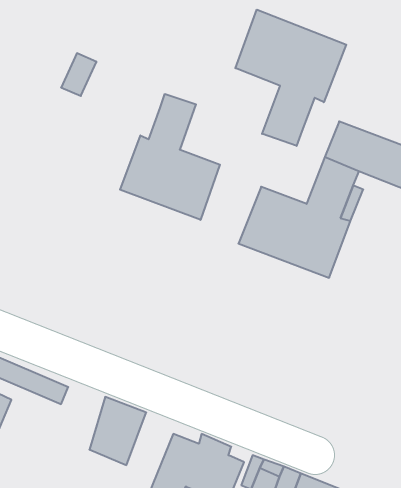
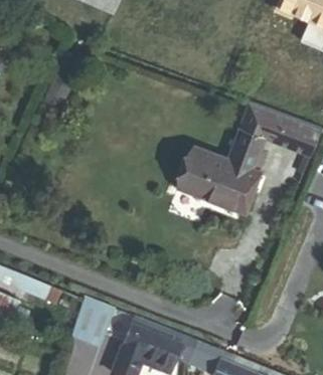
building: [235,10,346,146] -> none
building: [120,94,220,220] -> none

